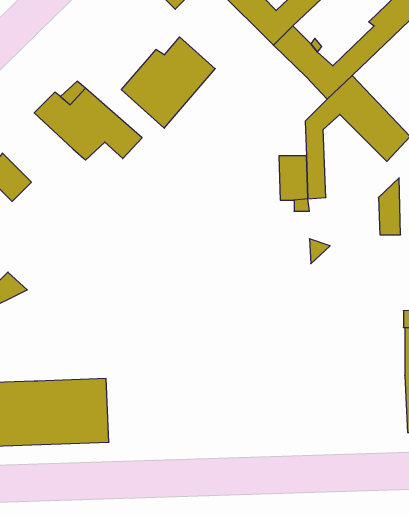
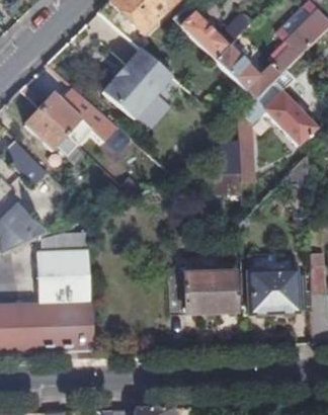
building: none -> [26,108,69,151]
building: none -> [42,249,93,305]
building: none -> [249,269,300,313]
building: none -> [170,271,238,313]

